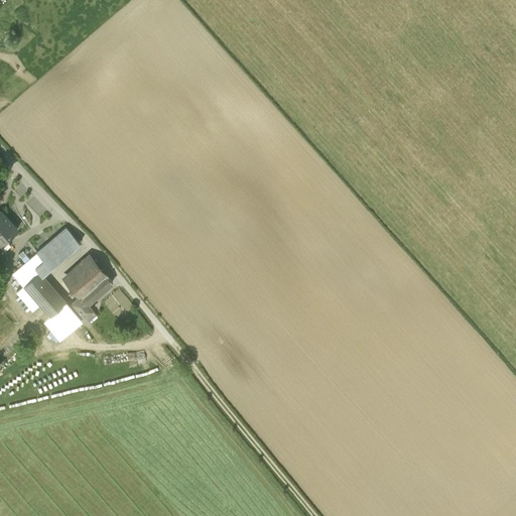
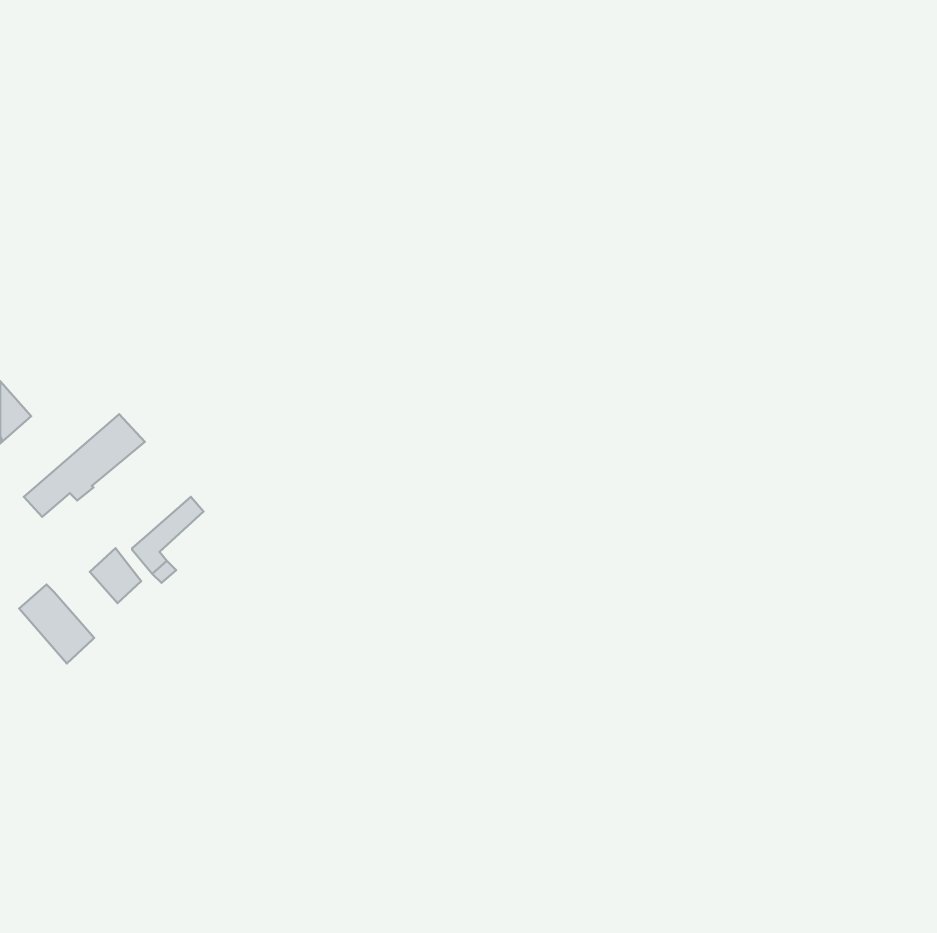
building: [66,259,105,297] -> none
building: [23,273,64,316] -> [19,585,94,663]

